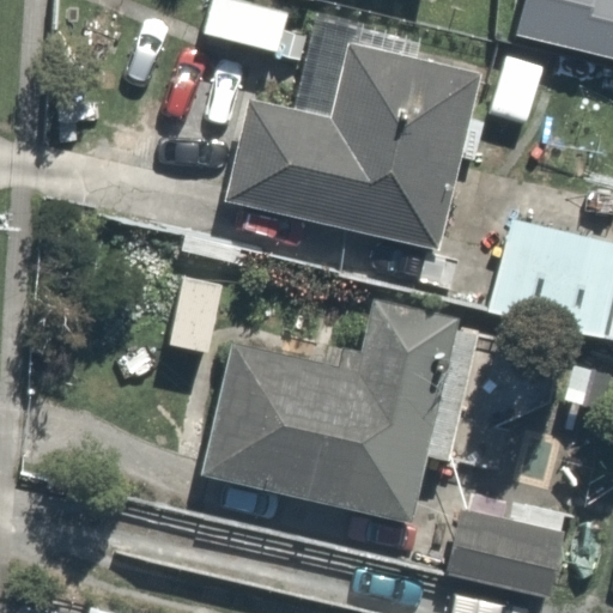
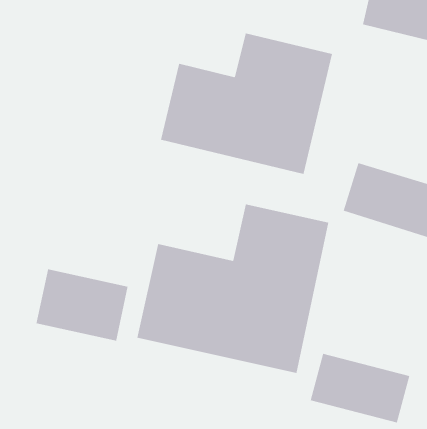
building: none -> [36,268,128,342]

